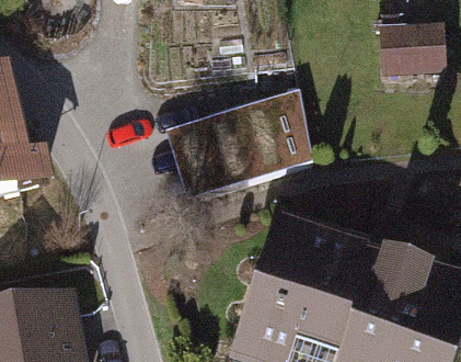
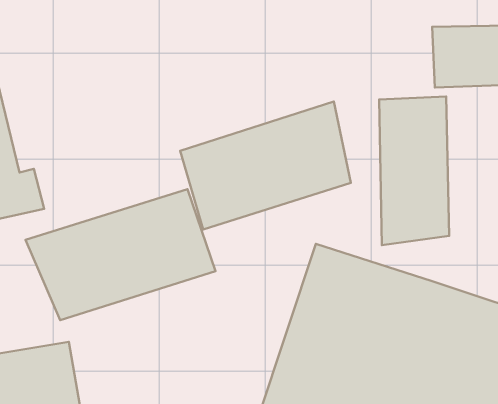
building: none -> [379,97,449,245]
building: none -> [25,189,215,320]

